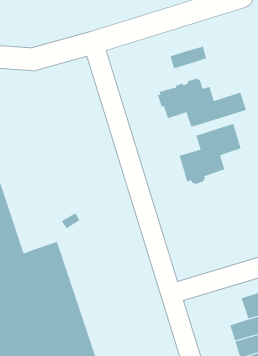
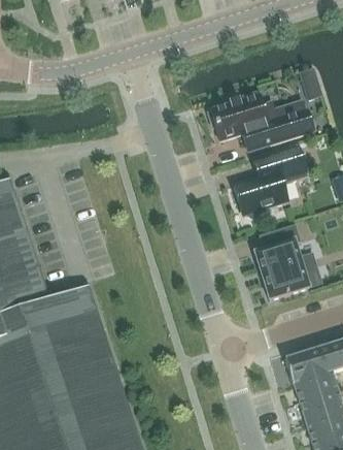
building: [170,46,207,69] -> none
building: none -> [254,224,318,299]
building: none -> [284,352,314,384]

